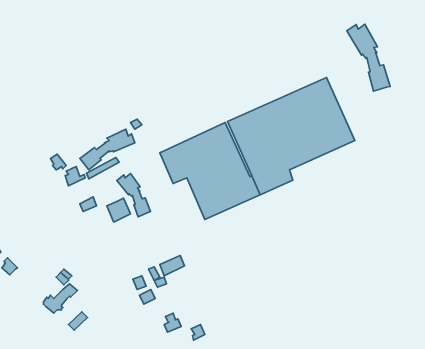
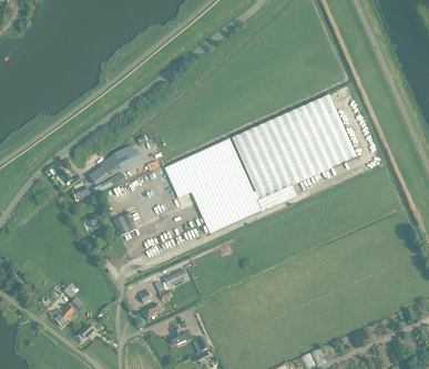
building: [347,24,390,91] -> none
building: [117,173,151,217] -> none

